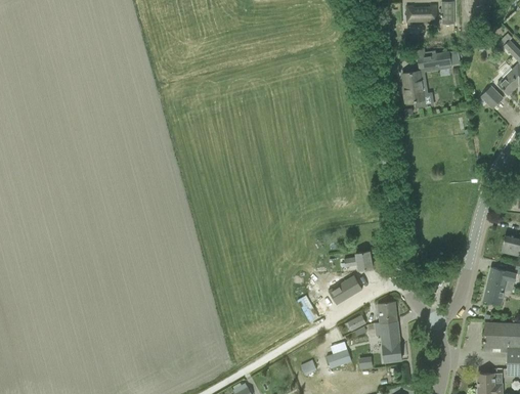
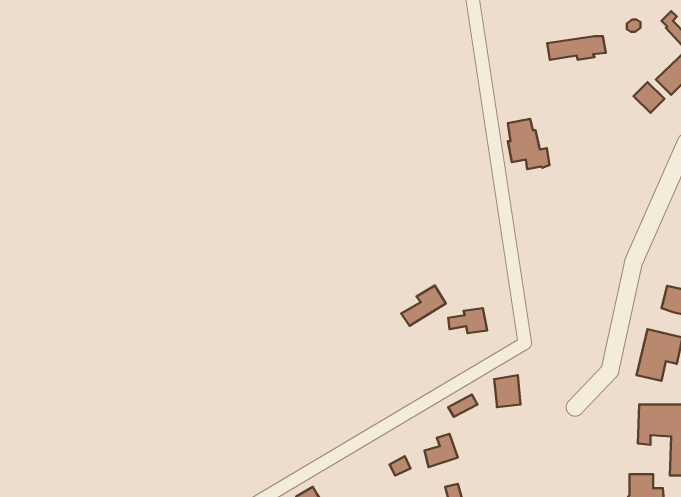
building: [402,72,433,108] -> [508,119,550,169]
building: [331,276,363,306] -> [401,285,446,326]
building: [376,322,401,362] -> none

